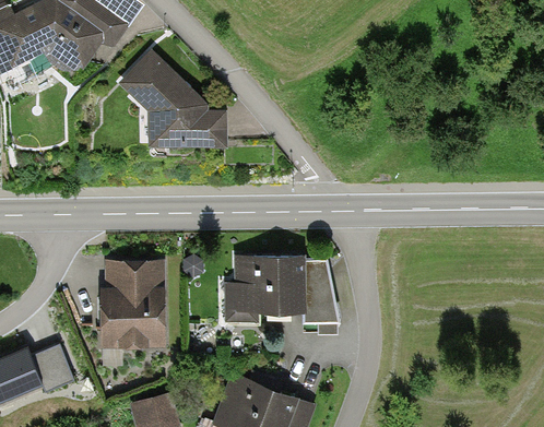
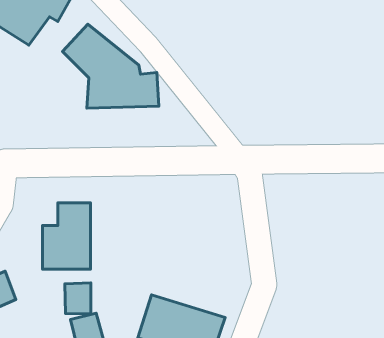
building: [223,256,344,328] -> none
building: none -> [65,283,91,314]

